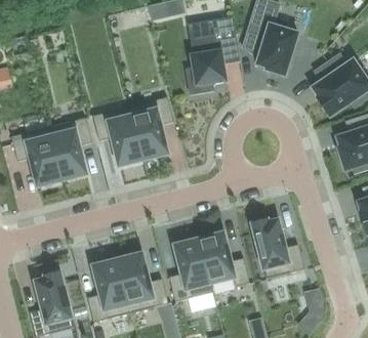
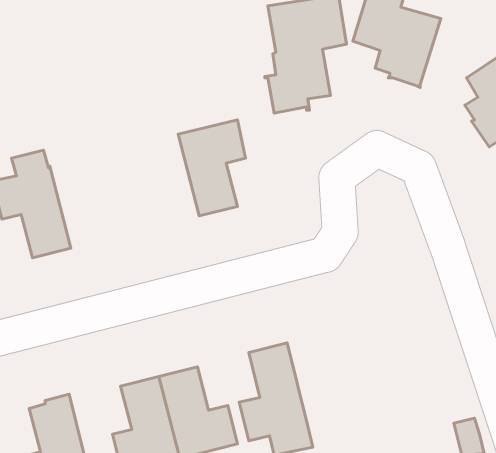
building: [93,107,144,165] -> none
building: [48,118,92,179] -> none
building: [252,220,304,279] -> none
building: [200,234,250,293] -> none

